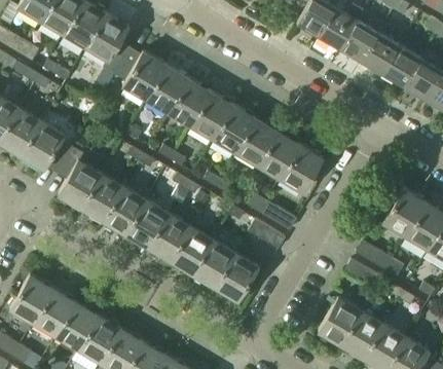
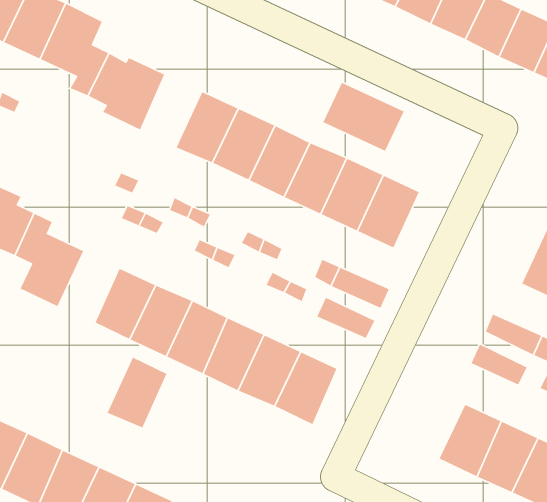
building: [146,65,188,113] -> none
building: none -> [322,82,405,152]
building: [81,174,123,221] -> [106,356,168,429]

